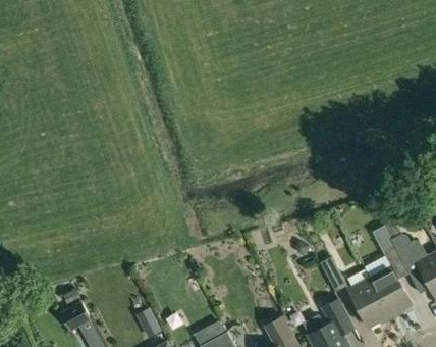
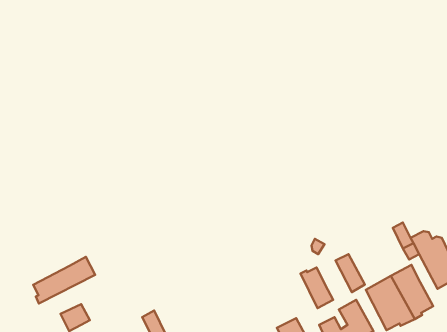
building: none -> [33,257,95,303]
building: none -> [300,268,333,308]

